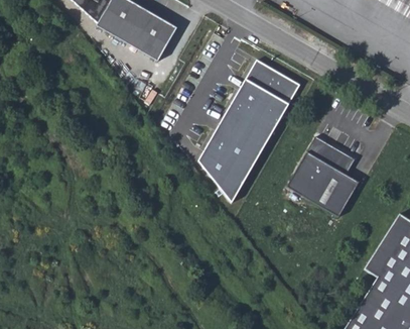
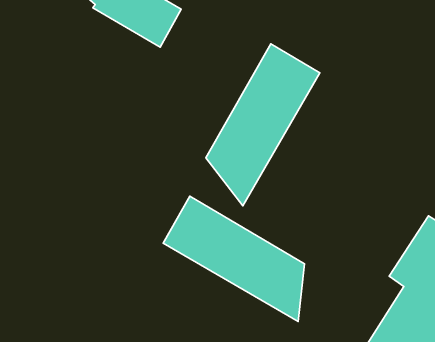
building: [286,135,359,216] -> none
building: none -> [163,196,304,321]

